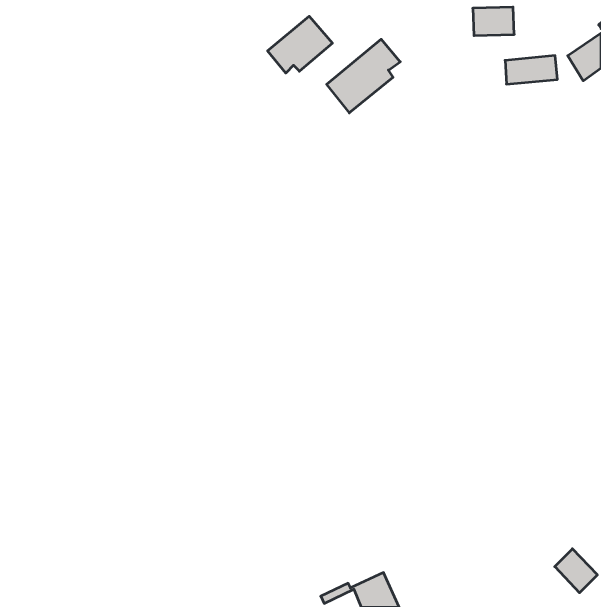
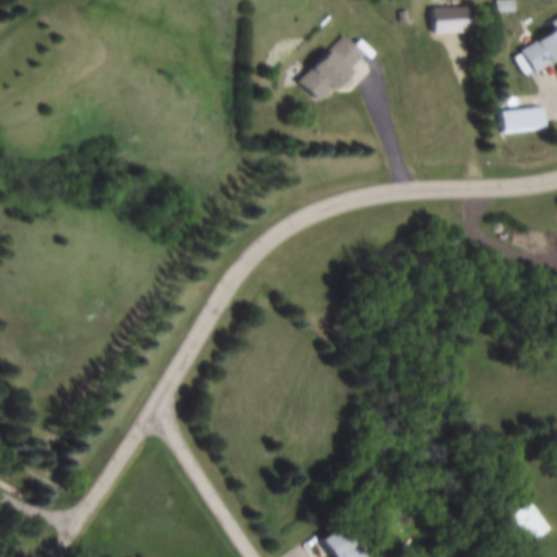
building: [268,16,332,73] -> none
building: [505,56,557,84] -> [498,107,546,133]

